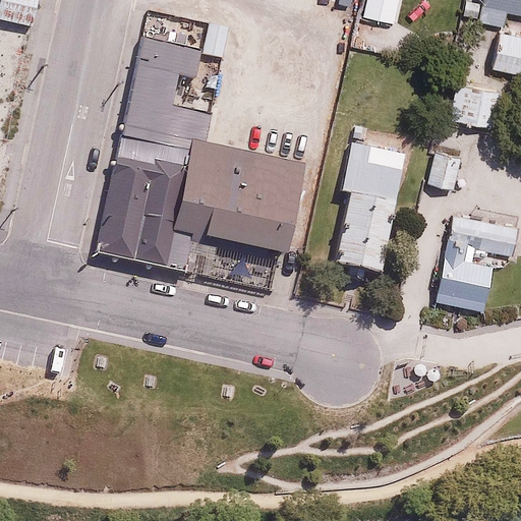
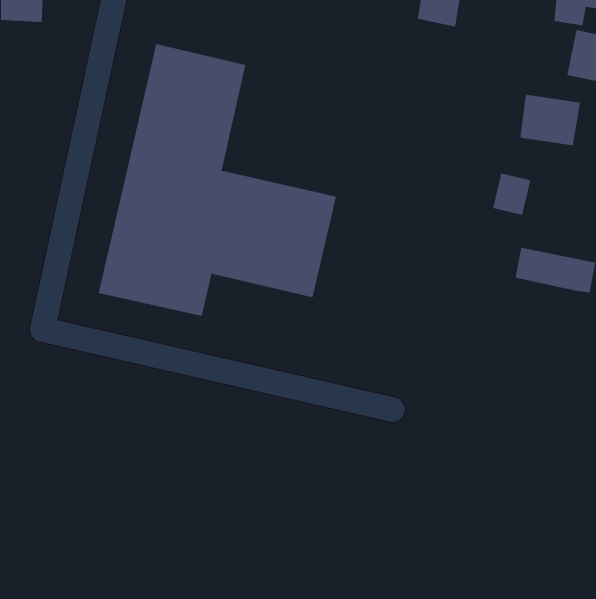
building: [334,140,408,271] -> none
building: [438,254,496,309] -> none

